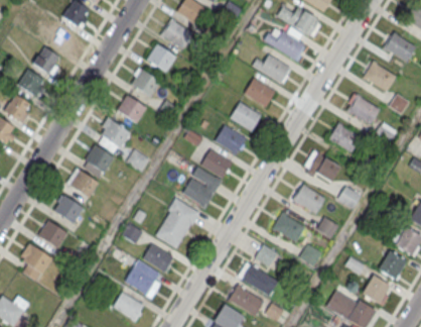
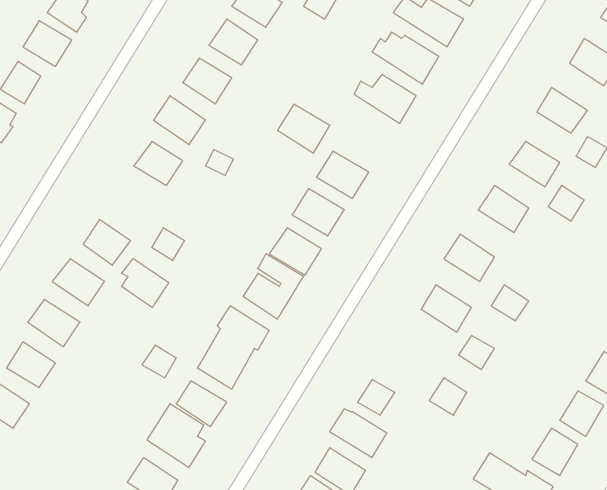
building: [244,78,276,108] -> [278,104,330,153]
building: [102,117,131,147] -> [121,259,169,307]
building: [274,214,305,242] -> none

